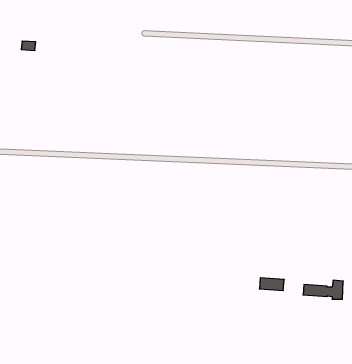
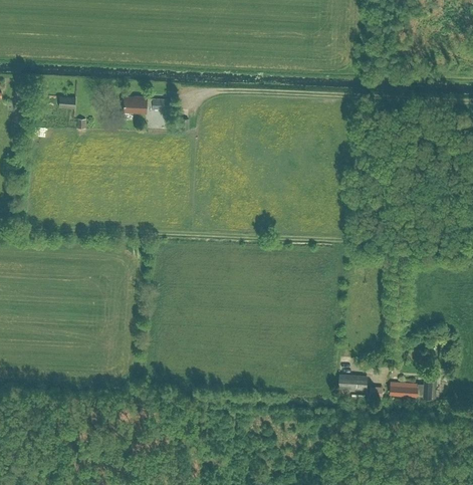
building: none -> [123,98,172,114]

